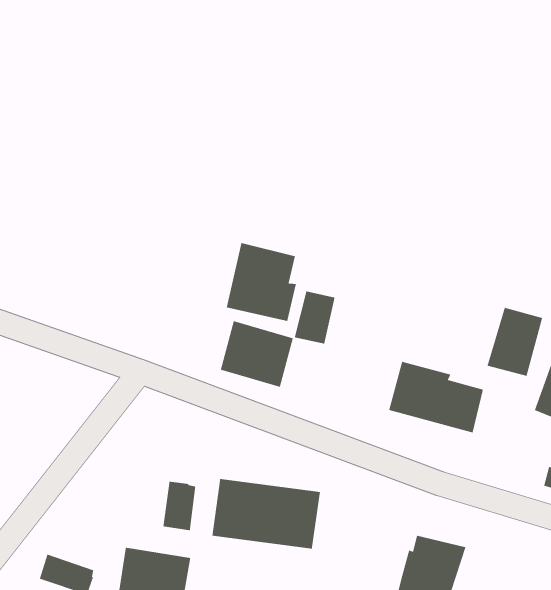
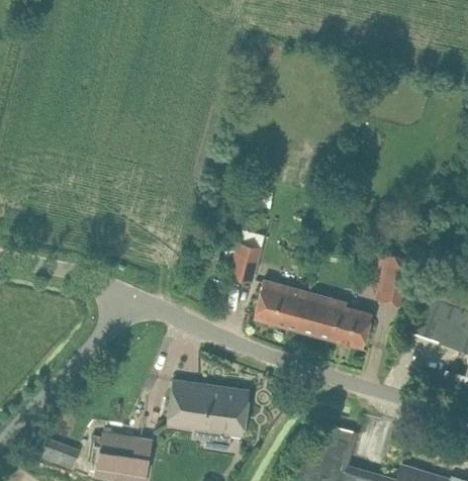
building: [226,242,297,322] -> none
building: [220,320,294,388] -> [254,280,309,330]
building: [163,481,196,531] -> none

